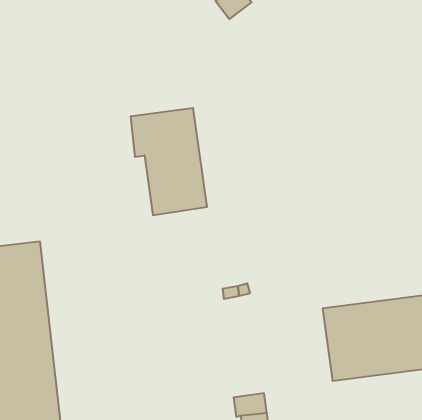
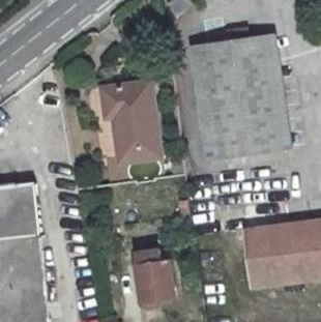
building: none -> [204,37,274,155]
building: none -> [134,247,172,301]

